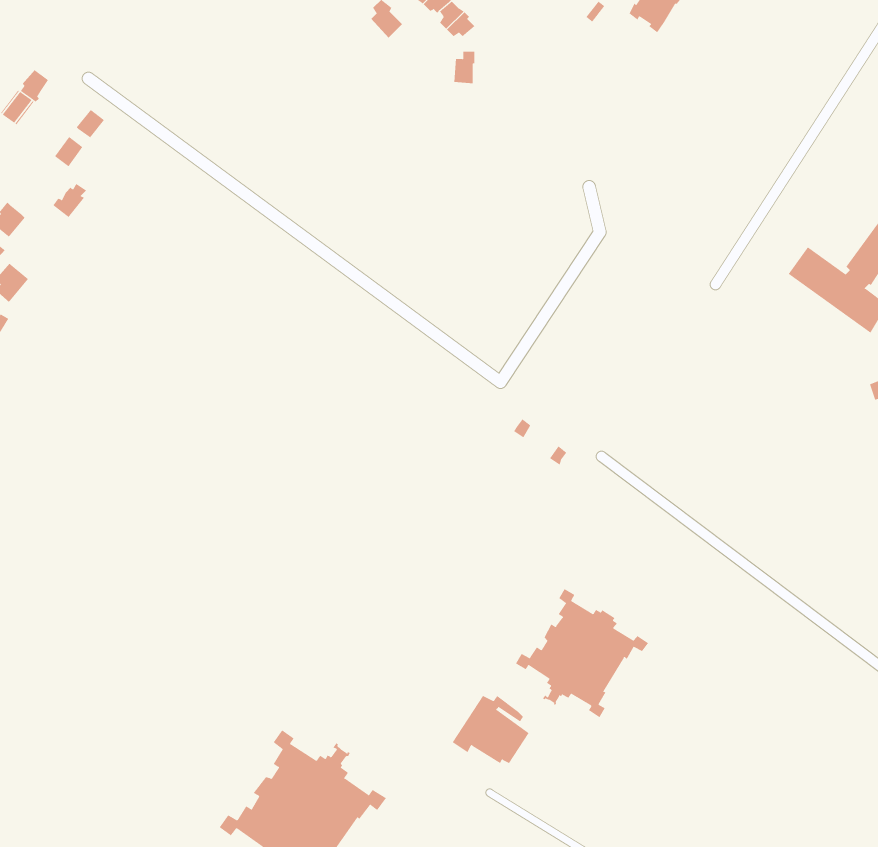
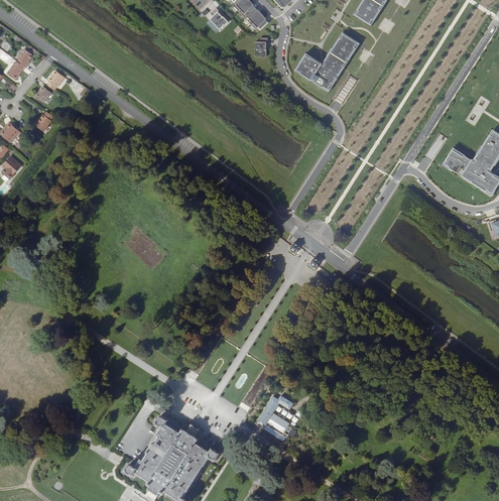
building: none -> [298,35,358,90]
building: [515,588,649,718] -> none

